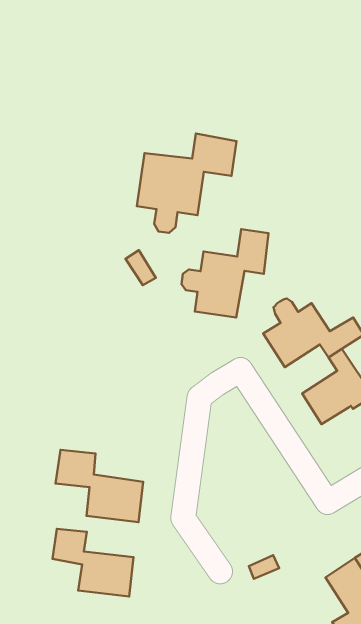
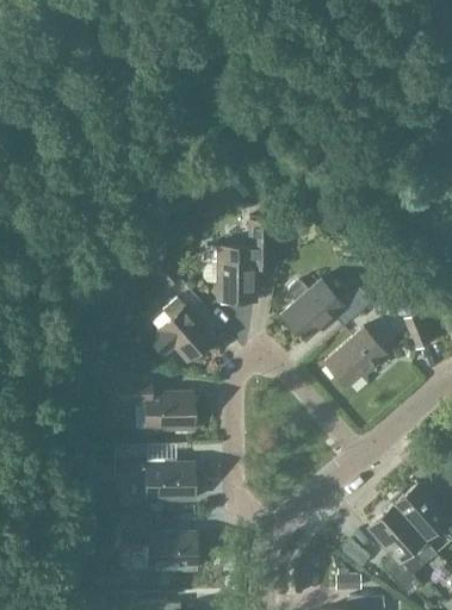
building: [137,133,237,233] -> none
building: none -> [150,299,212,361]
building: none -> [118,376,194,429]

